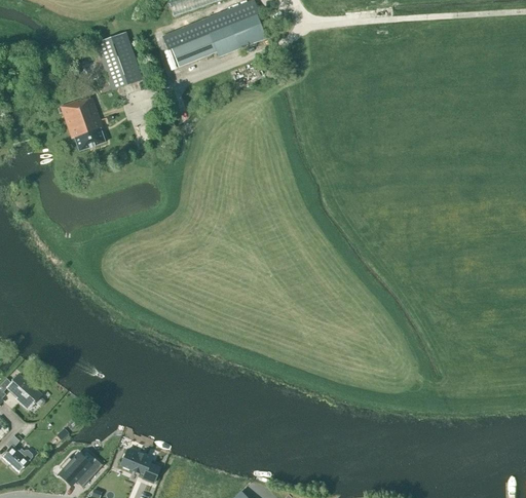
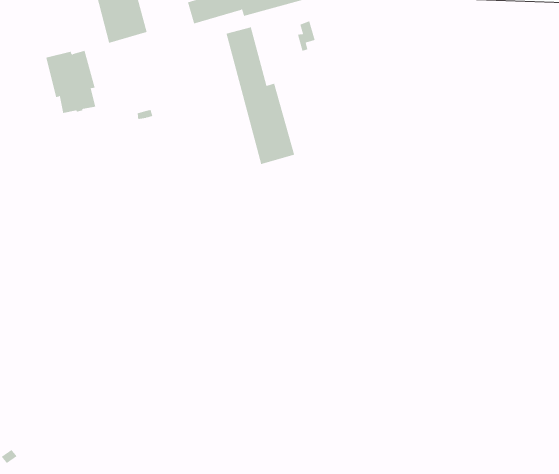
building: none -> [226,26,295,165]

